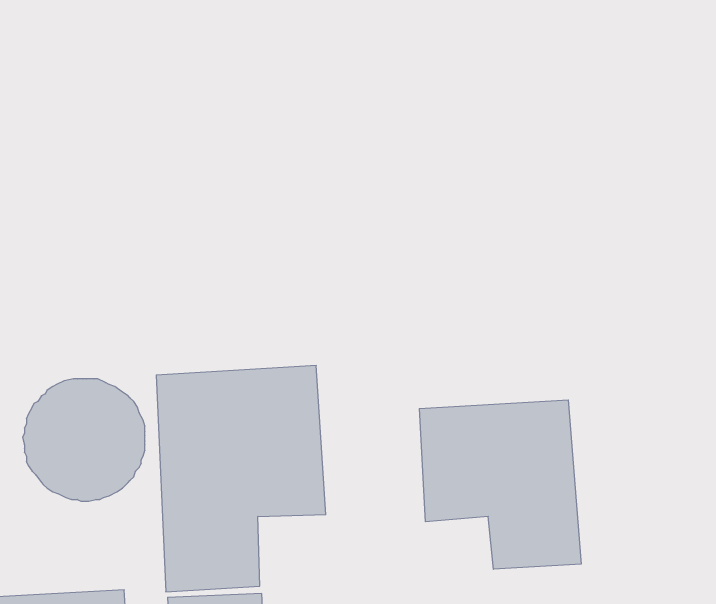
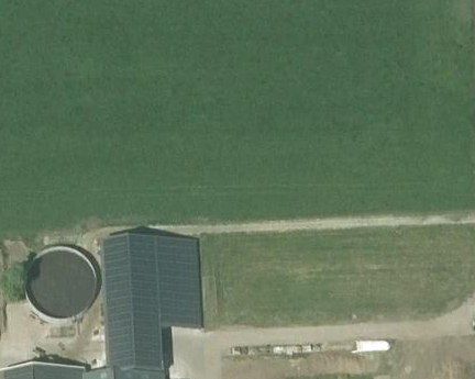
building: [419,400,581,569] -> none

